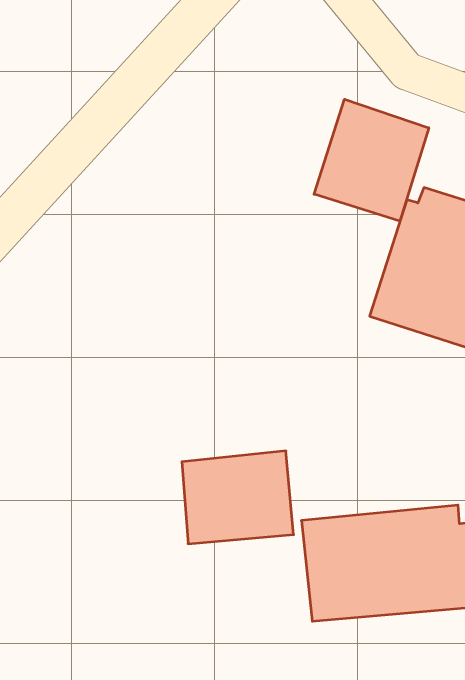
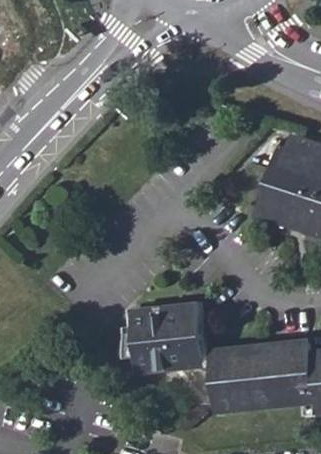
building: [314,99,429,221] -> none
building: none -> [126,299,203,371]

